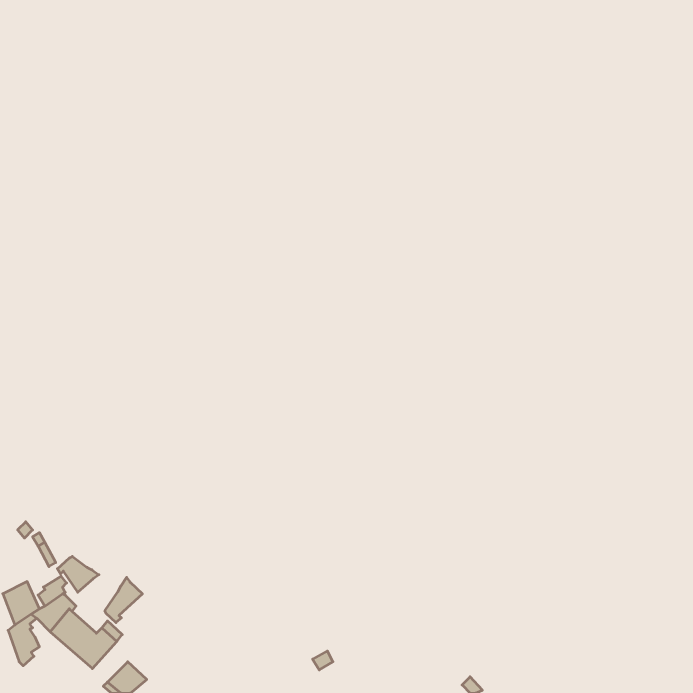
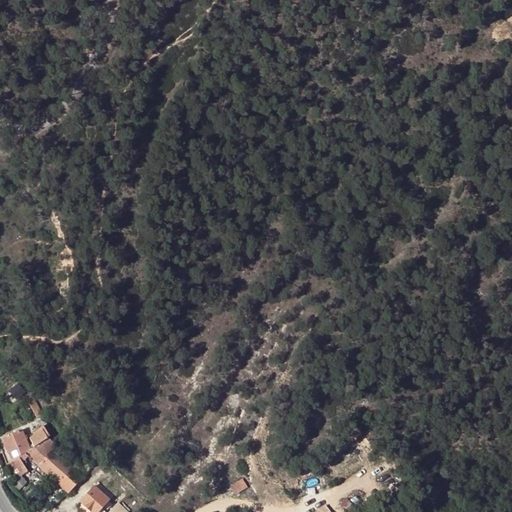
building: [57,556,99,592] -> none
building: [105,577,142,623] -> none

